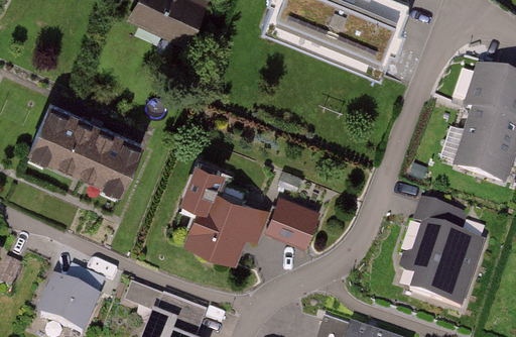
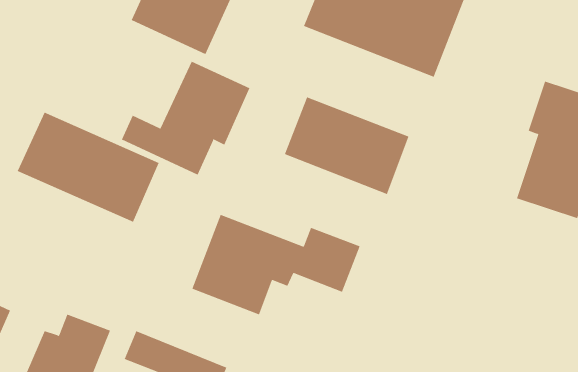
building: none -> [121,61,250,175]
building: none -> [284,97,409,195]
building: [396,194,482,307] -> none

